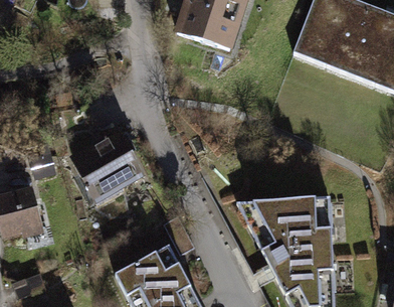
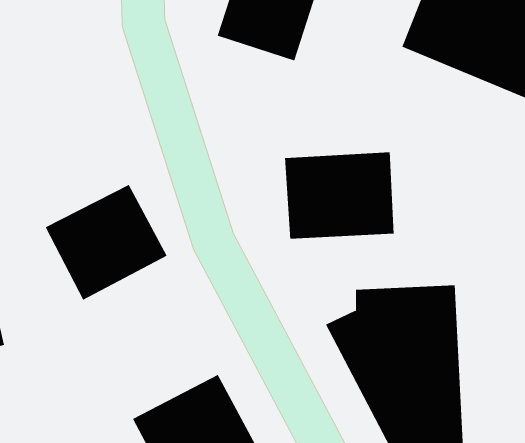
building: none -> [285,151,394,239]

